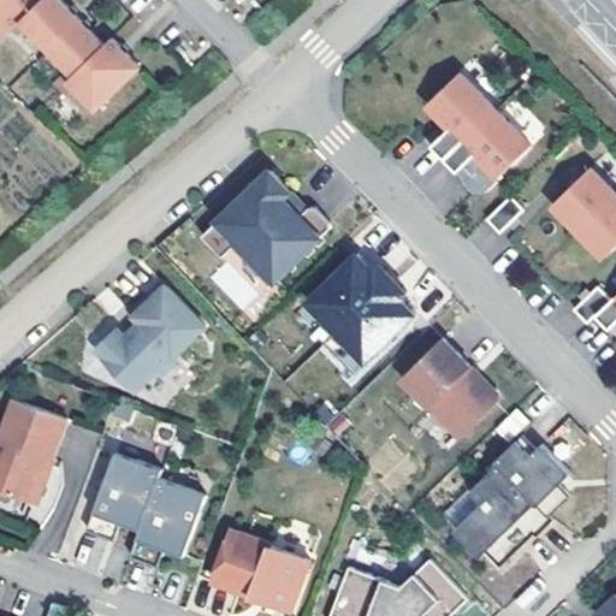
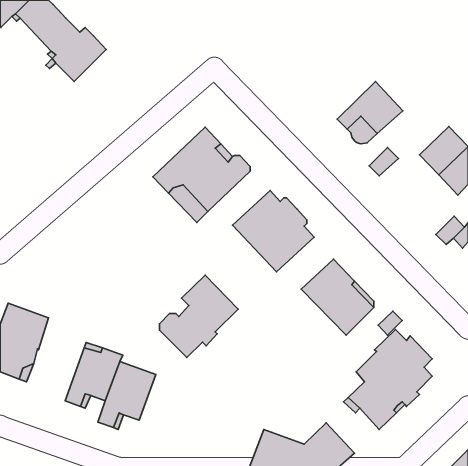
building: [426,73,493,159] -> none
building: [100,283,203,391] -> [159,275,238,358]
building: [212,529,308,610] -> none

